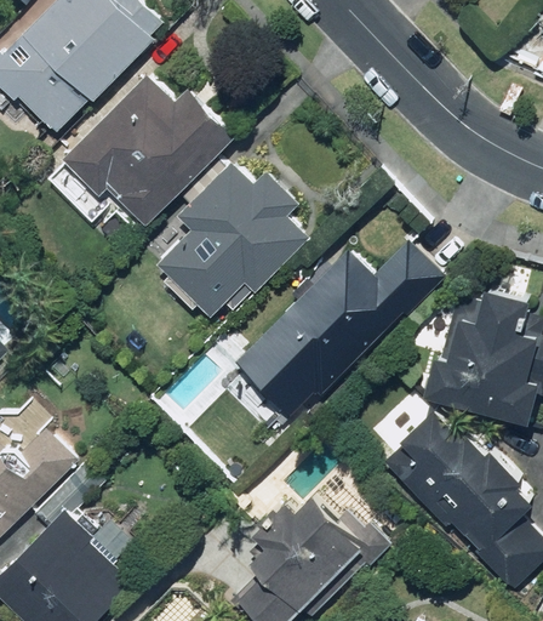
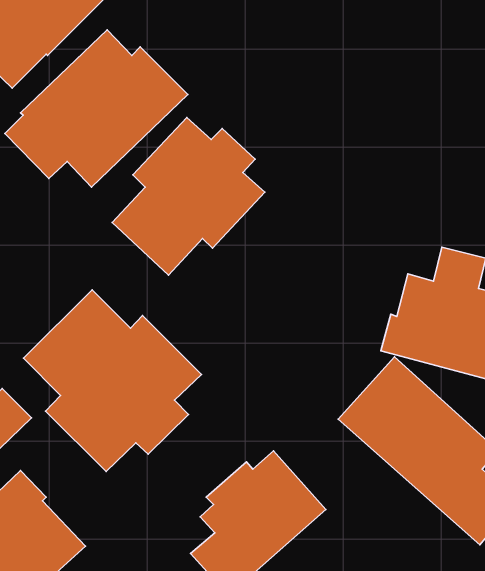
building: [218,239,446,428] -> none
building: none -> [24,290,201,472]

